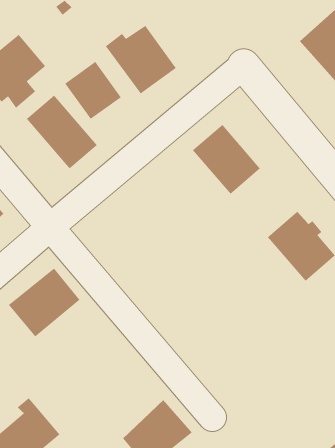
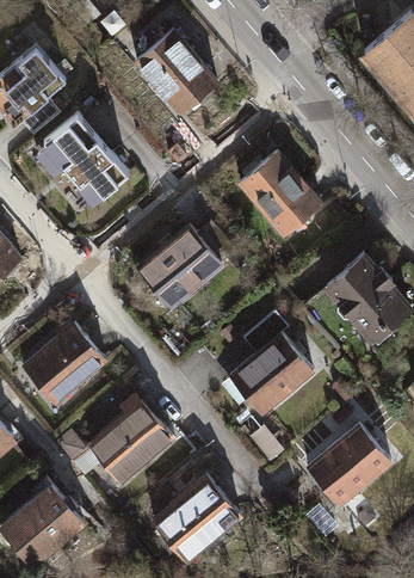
building: [64,61,122,120] -> none
building: none -> [138,222,237,308]
building: none -> [228,312,313,414]
building: none -> [89,401,172,481]
building: none -> [308,424,395,509]

